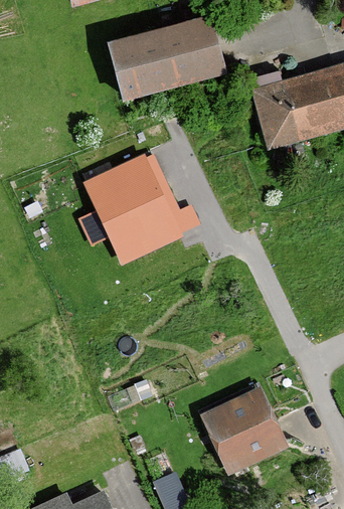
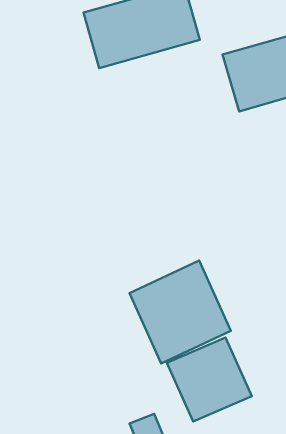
building: [87,141,204,252] -> none
building: none -> [129,261,231,364]

